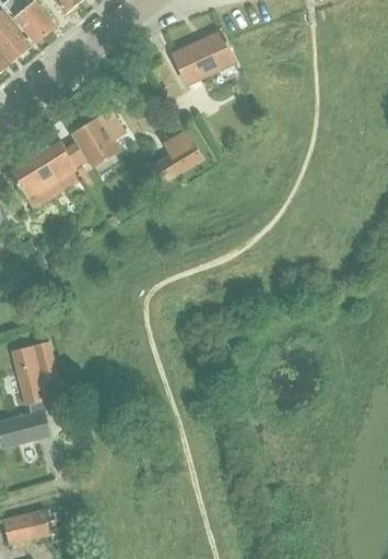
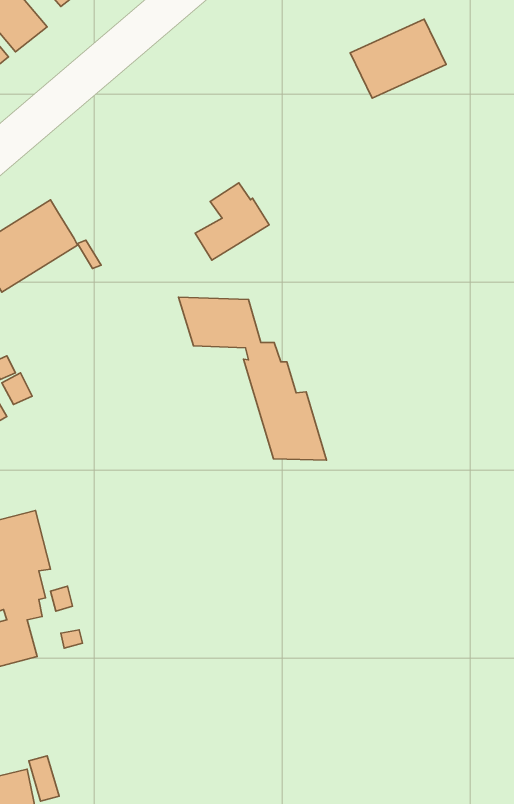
building: [172,31,234,82] -> [350,19,446,98]
building: [63,107,125,166] -> none
building: none -> [178,297,327,460]

